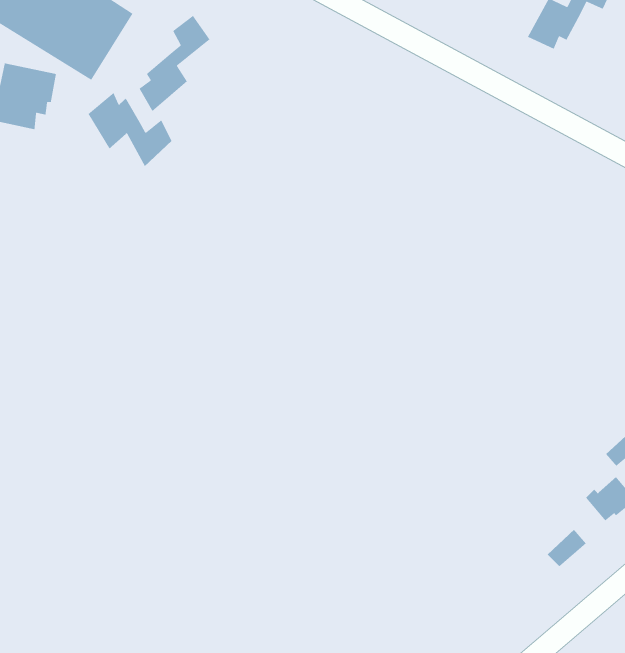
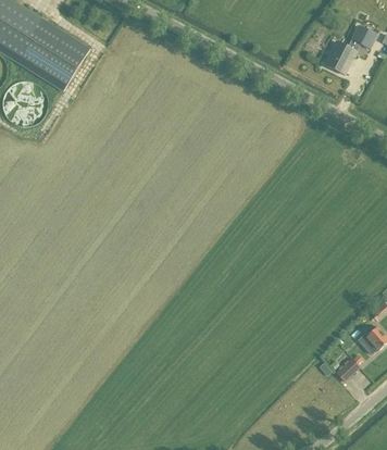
building: [138,15,210,112] -> none
building: [88,92,172,167] -> none

